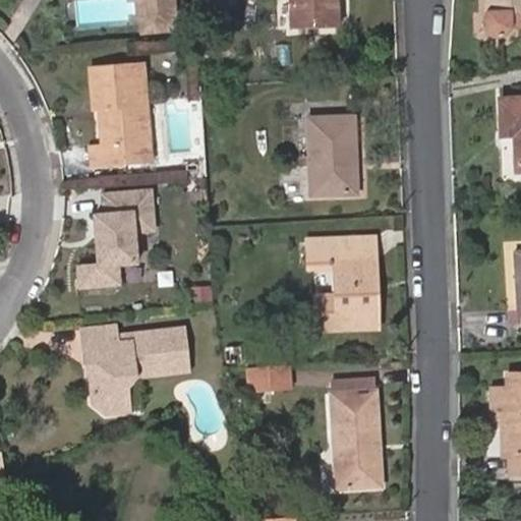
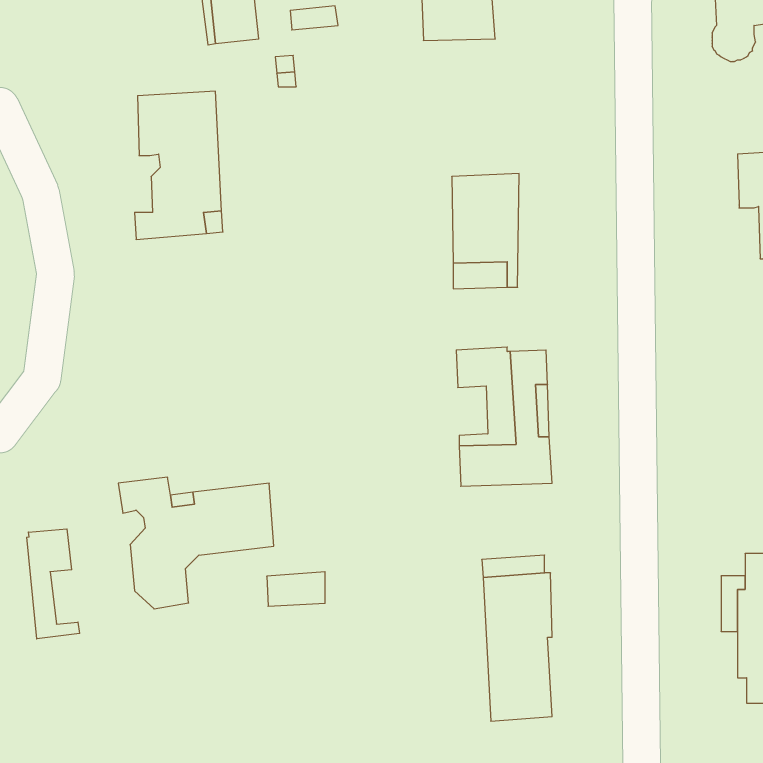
building: [74,184,159,285] -> none
building: none -> [27,529,80,639]
building: [250,367,290,391] -> [267,572,325,606]

